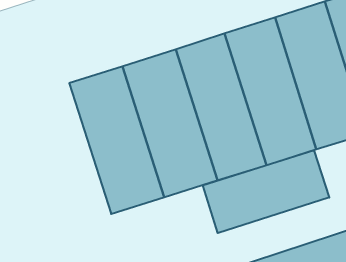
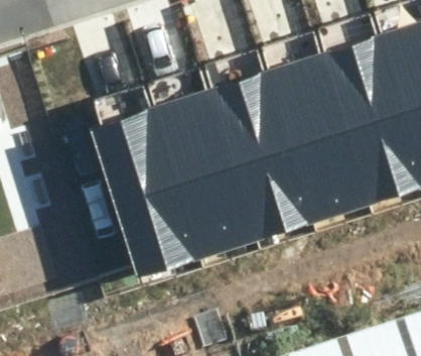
building: [203,150,329,233] -> none

